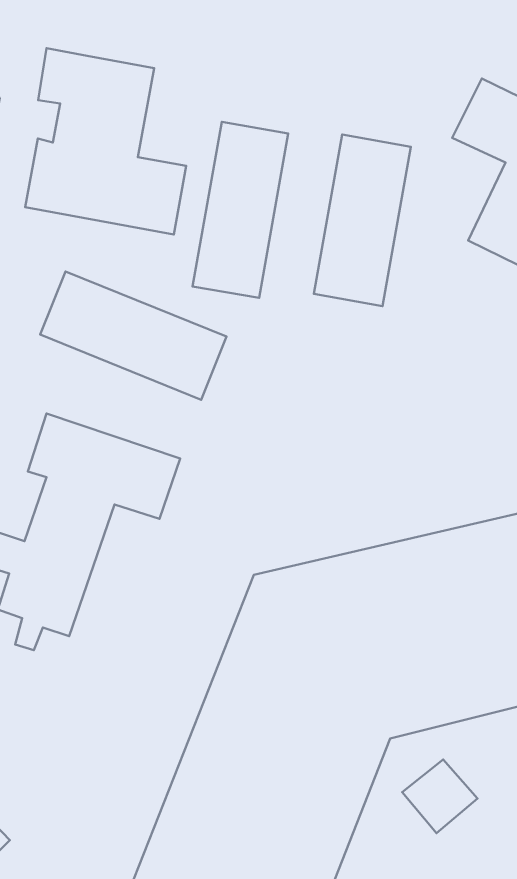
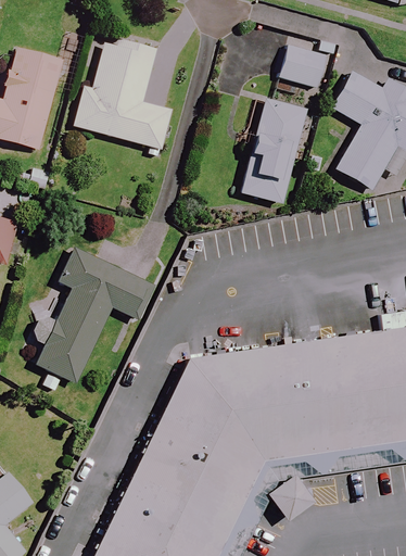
building: none -> [280,46,326,87]
building: [193,122,288,298] -> none
building: [40,271,226,400] -> none

